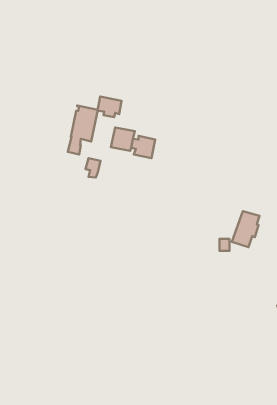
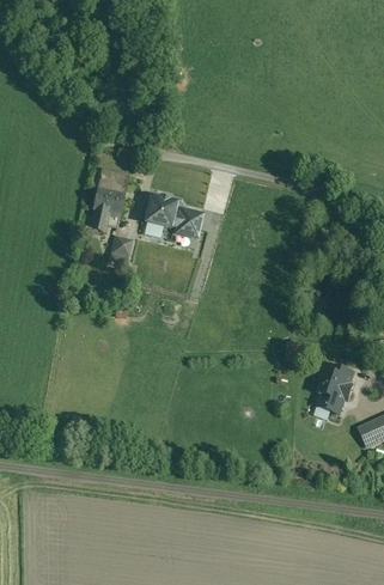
building: [98,97,122,117] -> none
building: [232,211,260,247] -> [317,366,353,413]

